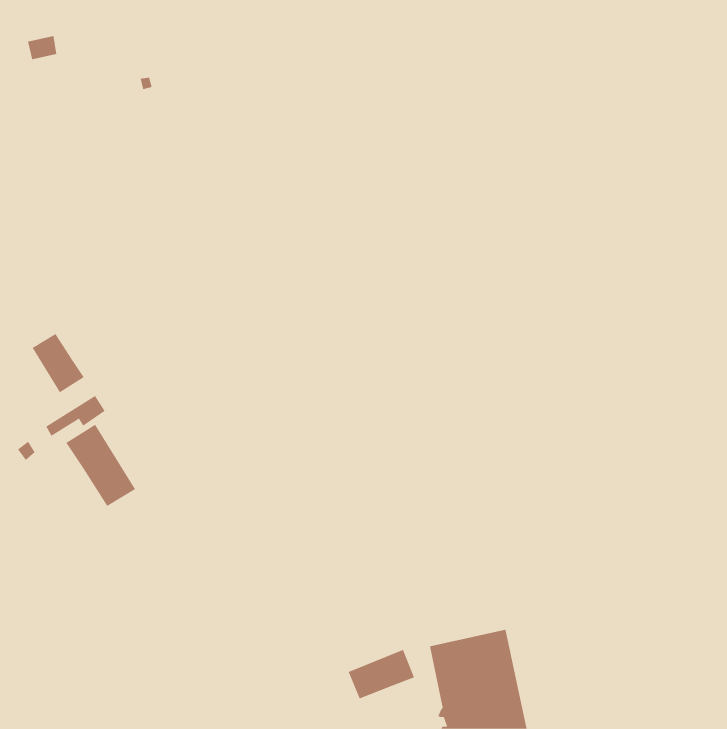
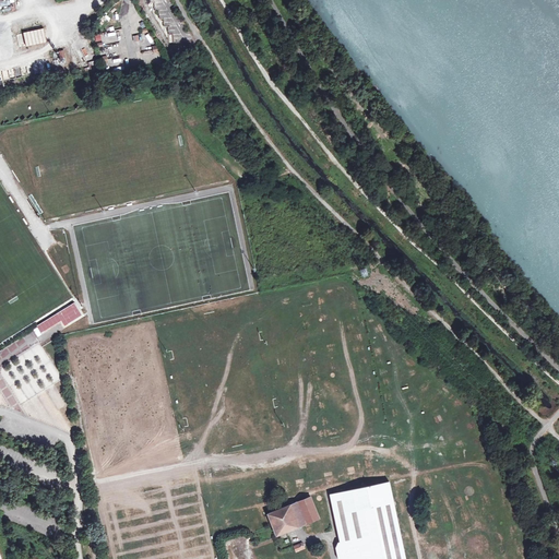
building: [32,333,84,393] -> none
building: [66,424,136,507] -> none

